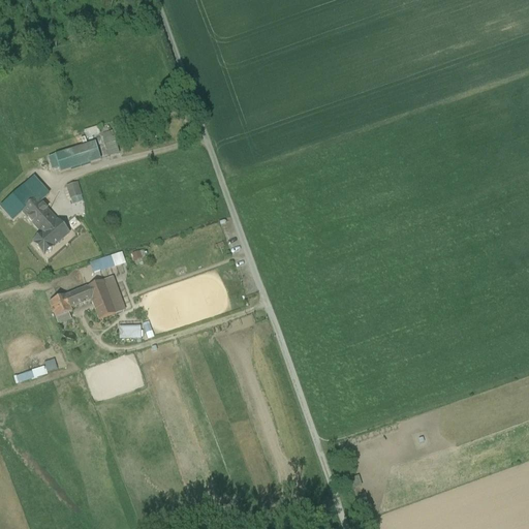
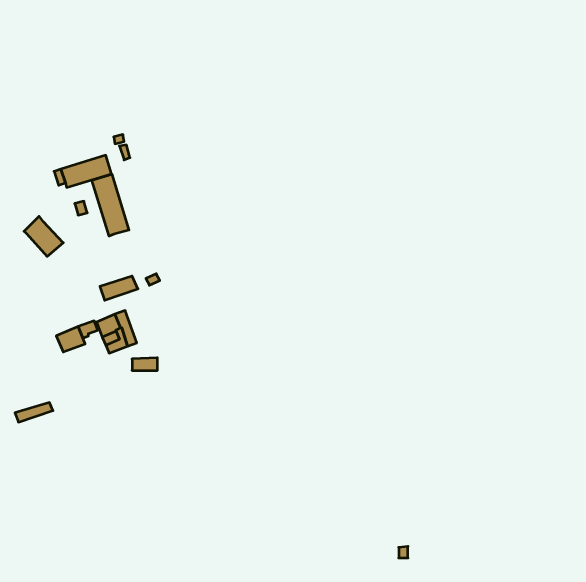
building: none -> [92,174,129,236]
building: [10,175,50,212] -> none
building: [34,217,69,252] -> none

